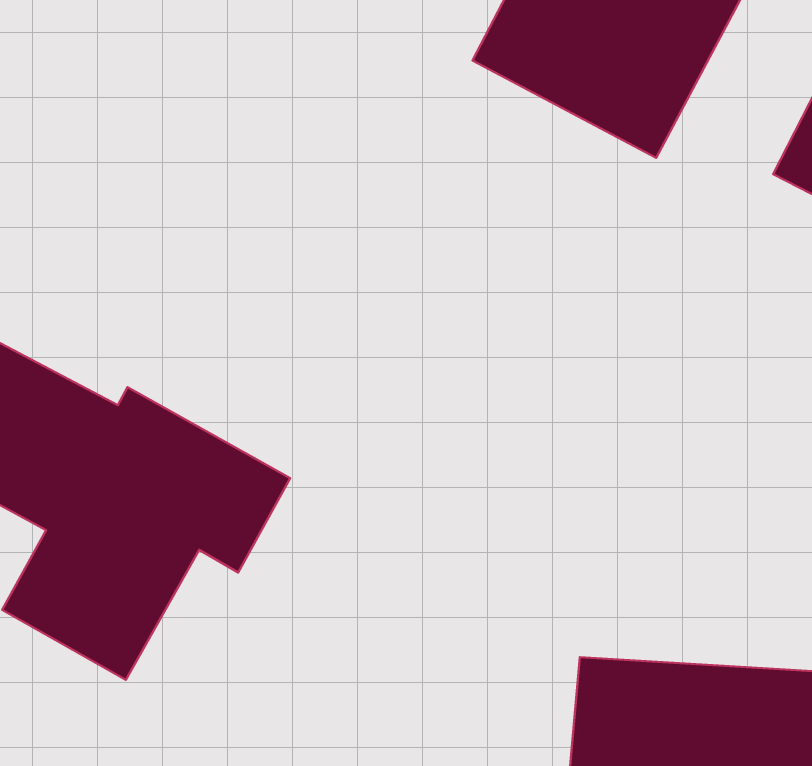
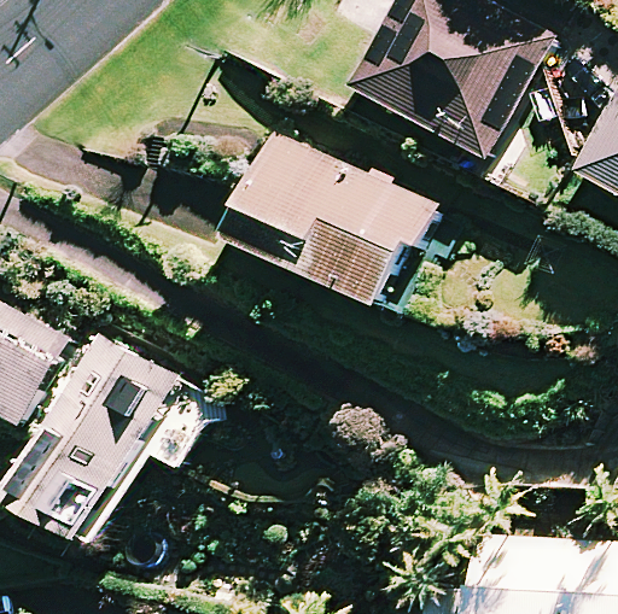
building: none -> [221,131,438,308]

